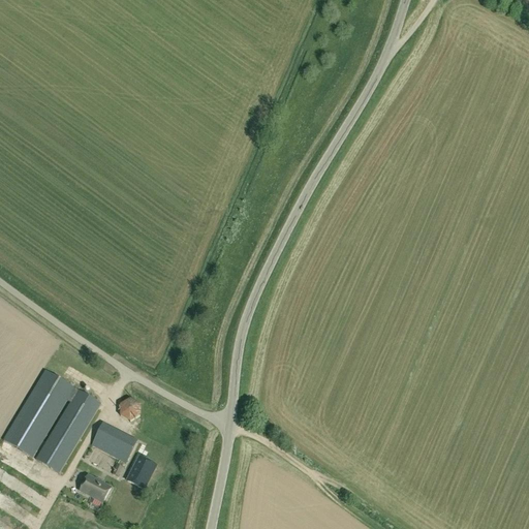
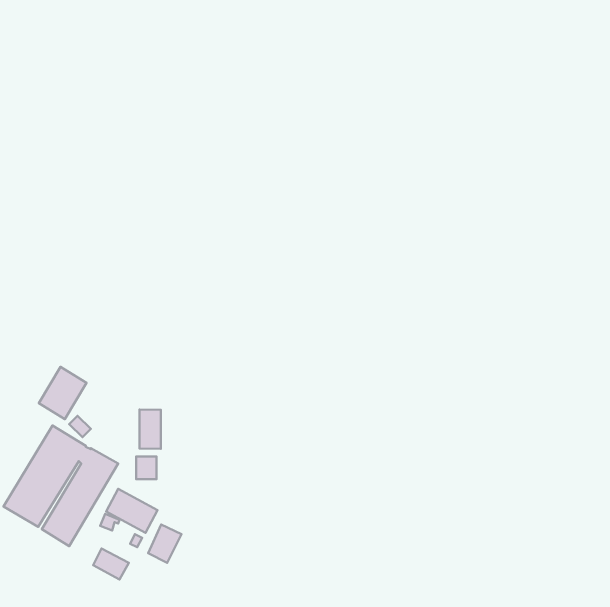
building: none -> [39,367,86,419]
building: none -> [139,409,161,449]

